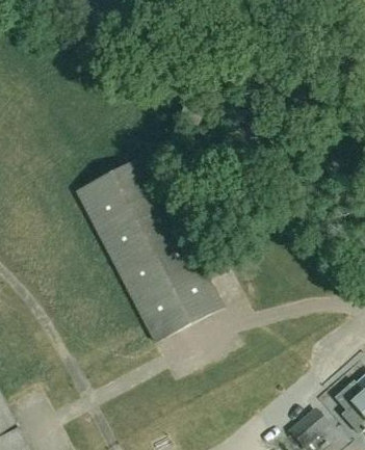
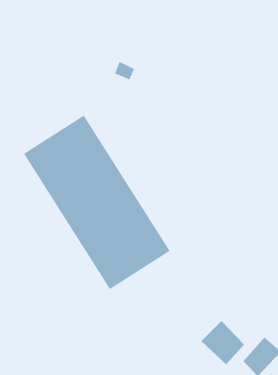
building: none -> [201,320,245,365]

